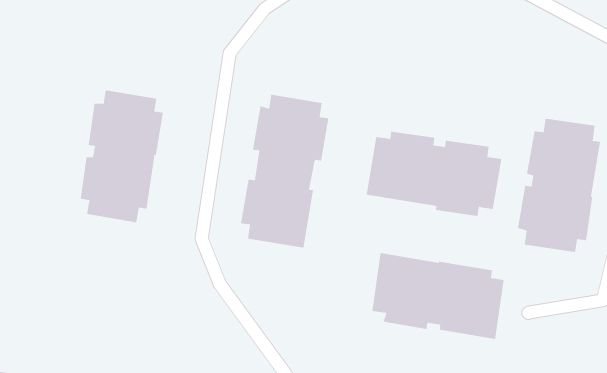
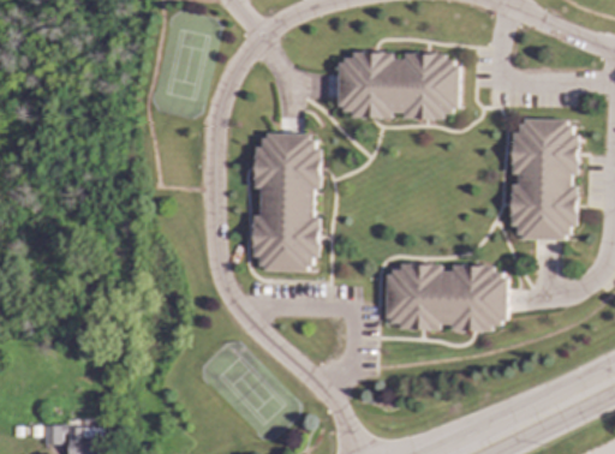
building: [80,89,164,223] -> none
building: [366,131,502,216] -> [336,52,458,119]

